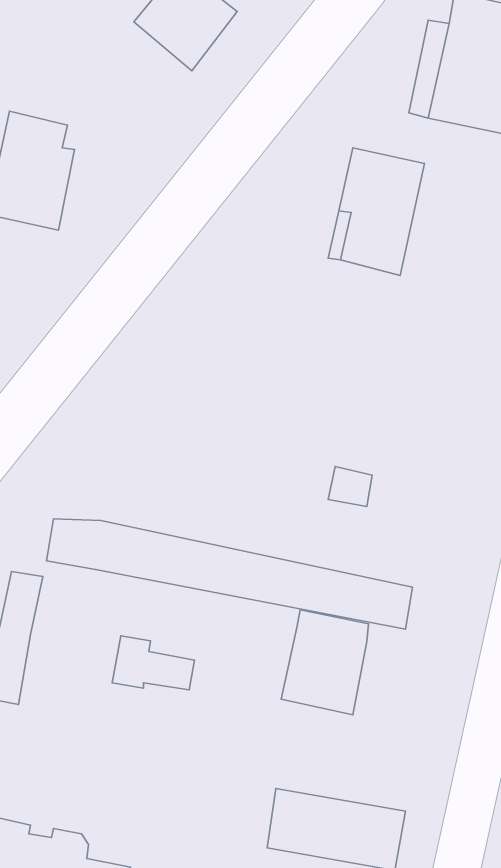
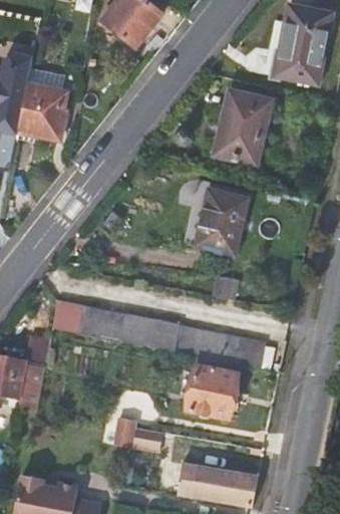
building: none -> [183,186,247,256]
building: [112,636,194,690] -> [114,416,161,447]

